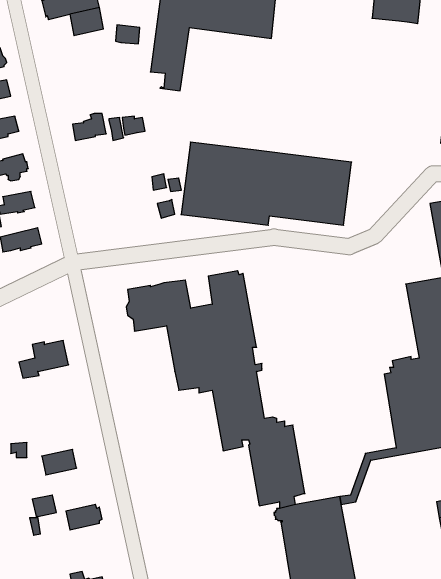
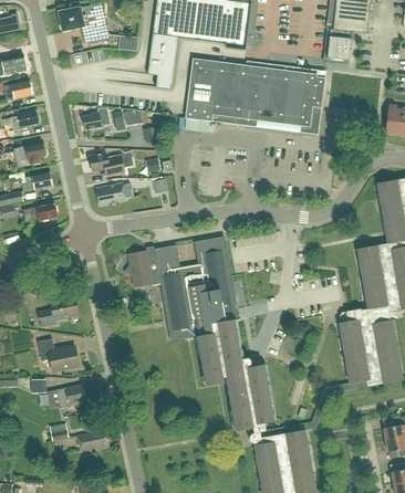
building: none -> [326,30,352,61]
building: [181,142,352,225] -> [185,59,325,127]
building: none -> [90,153,132,175]
building: none -> [96,183,133,206]
building: none -> [38,338,80,370]

